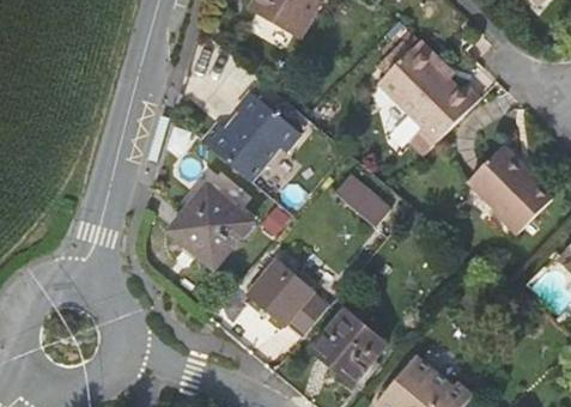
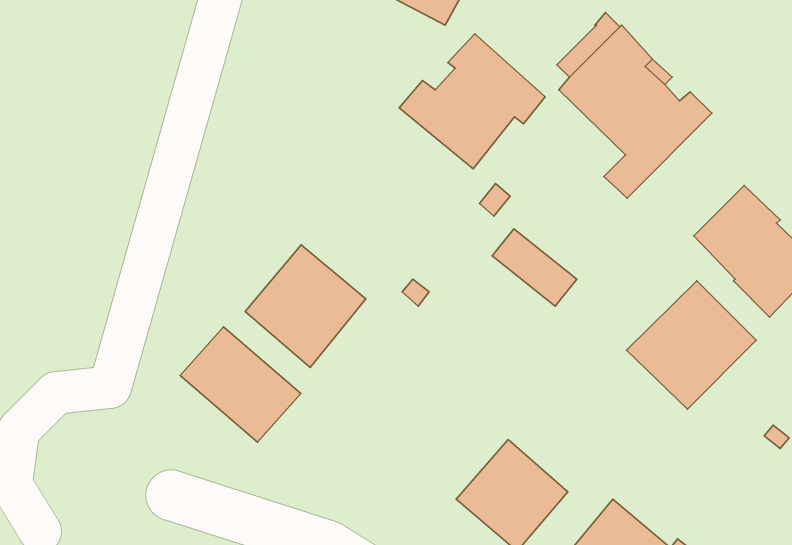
building: [204,90,300,180] -> [399,34,545,169]
building: none -> [626,281,756,409]
building: [248,262,328,339] -> [180,327,301,442]

